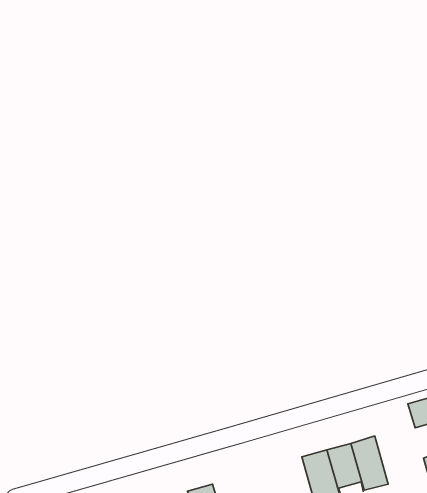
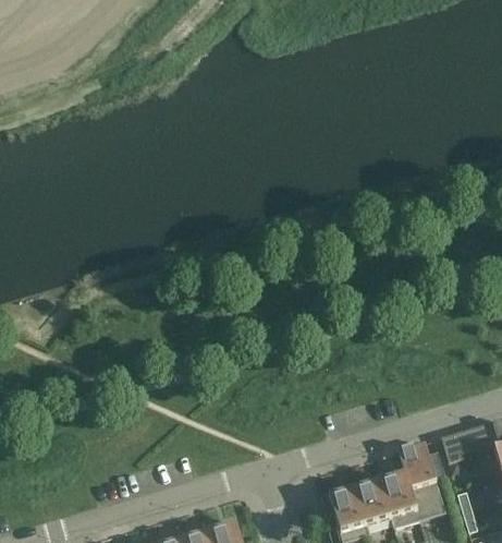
building: none -> [399,443,446,521]

